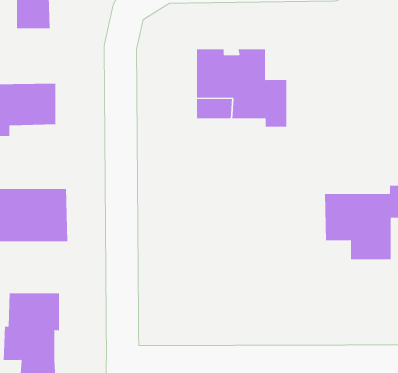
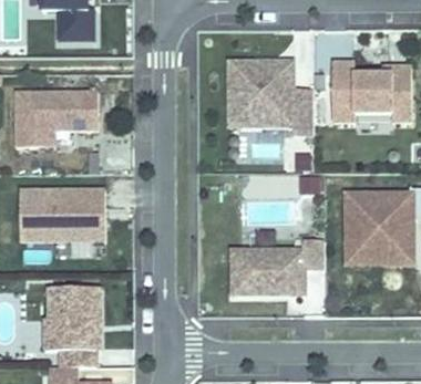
building: none -> [331,60,410,118]
building: none -> [230,239,325,292]

